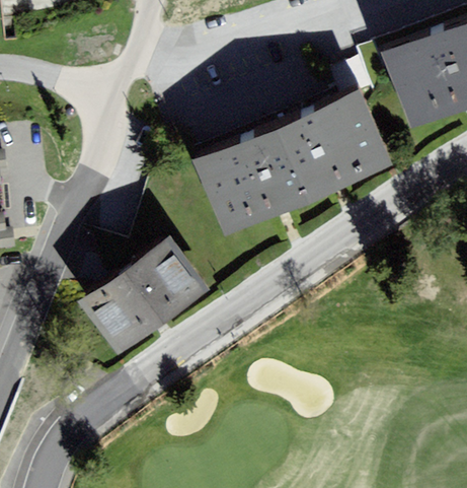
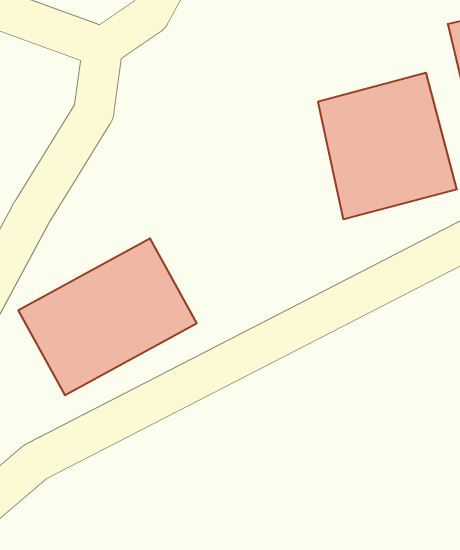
building: [191,118,311,237] -> none

